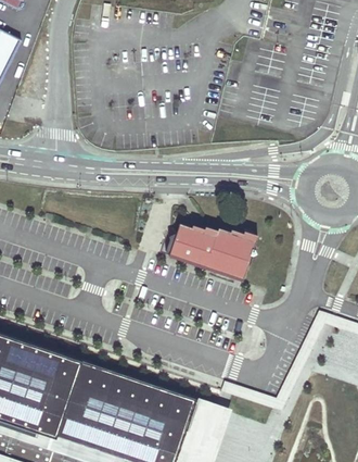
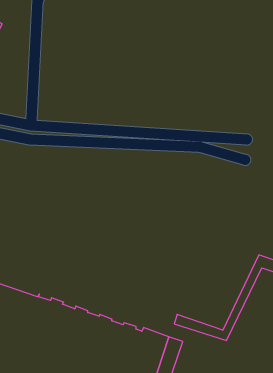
building: [165,221,253,278] -> none

